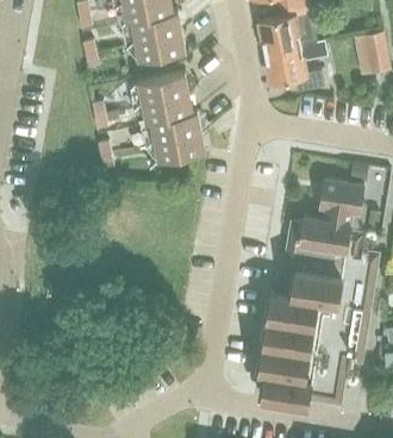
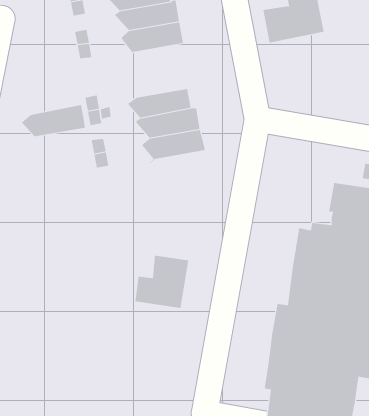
building: [263,40,325,90] -> none
building: [129,73,188,102] -> [21,105,86,137]
building: none -> [135,255,189,309]

